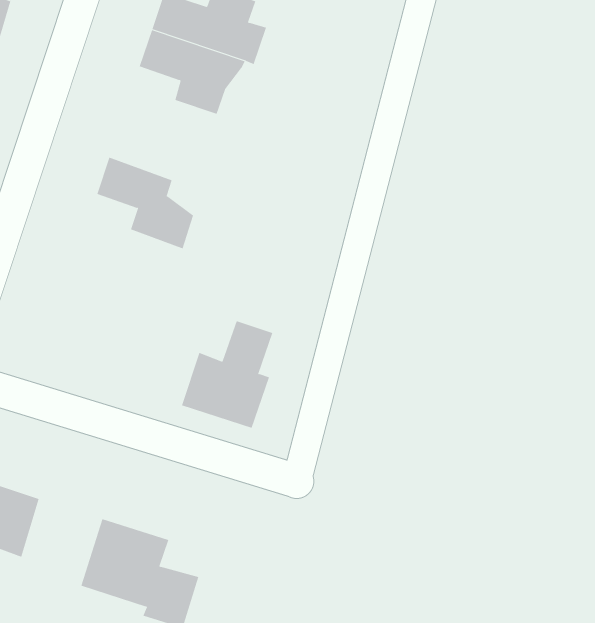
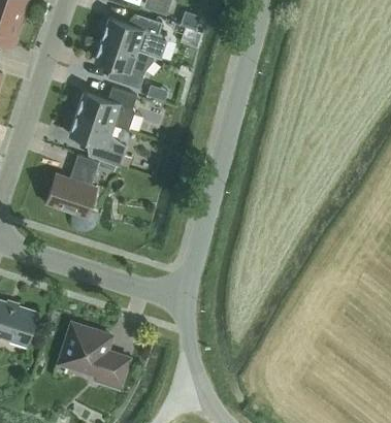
building: none -> [76,88,136,131]
building: [181,320,273,428] -> [45,155,99,218]

